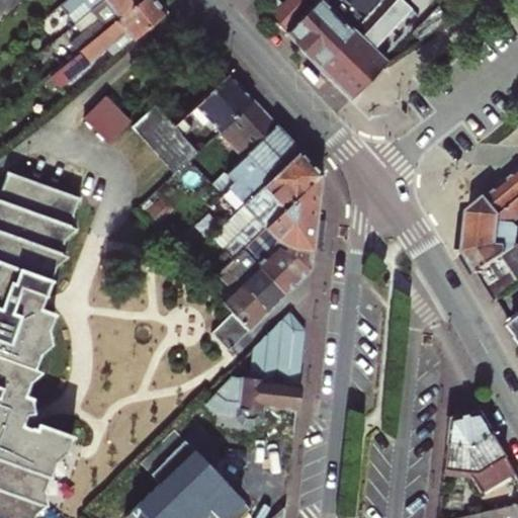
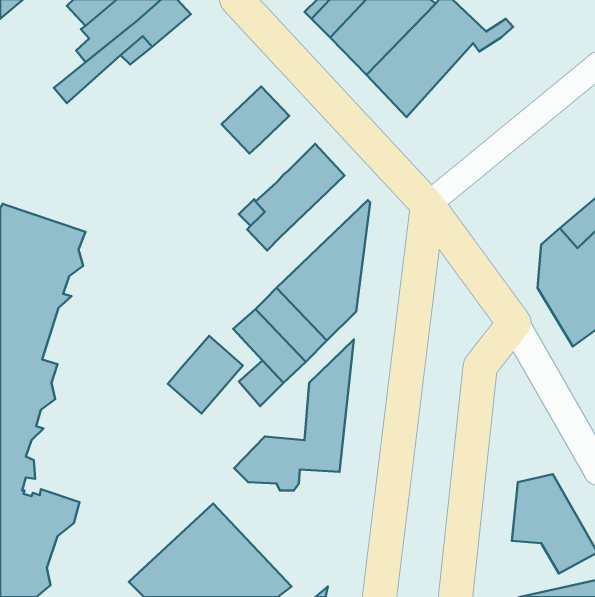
building: [83,100,130,147] -> none
building: [219,100,275,158] -> none
building: [131,107,198,176] -> none
building: [211,152,321,259] -> none
building: none -> [168,336,243,413]

